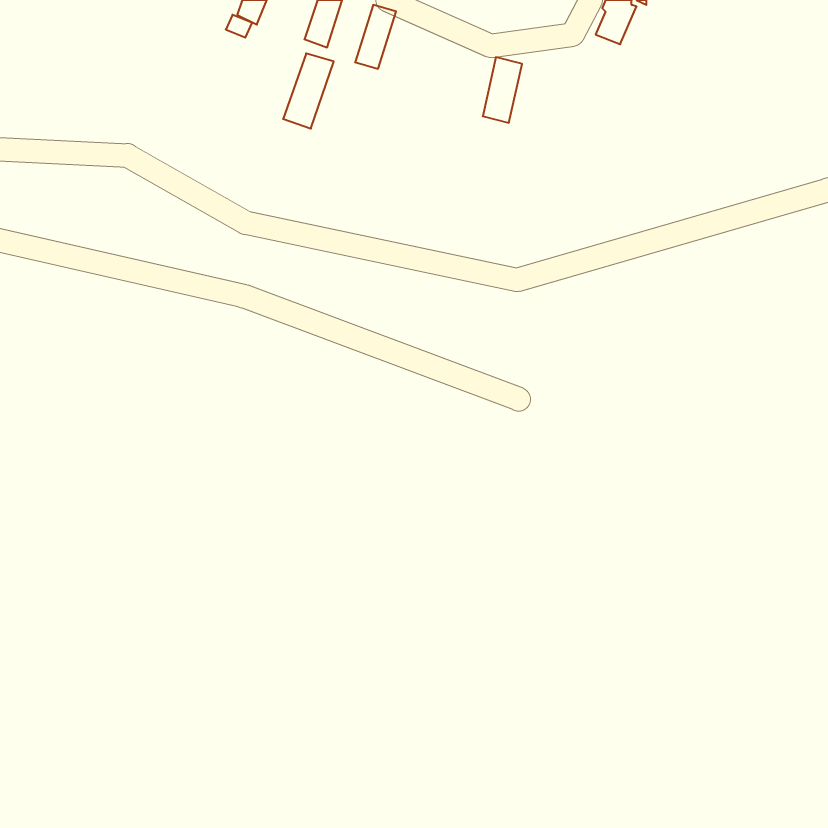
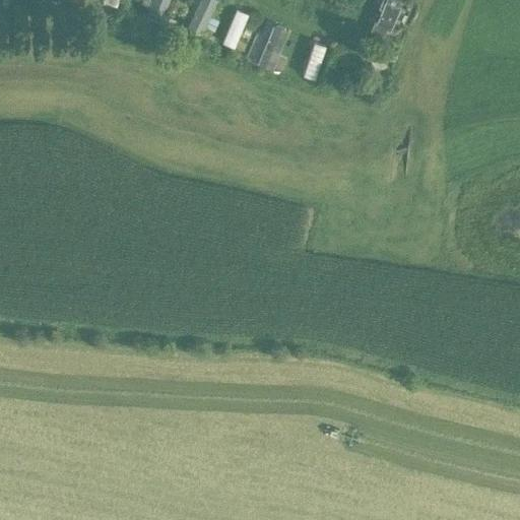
building: [283,53,334,129] -> [255,23,286,70]

